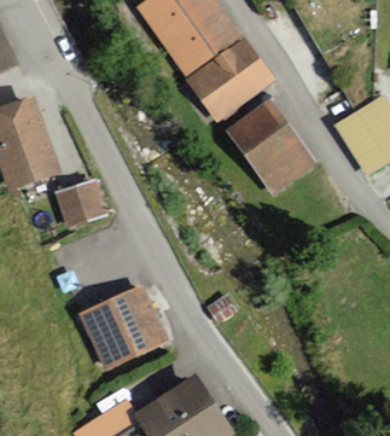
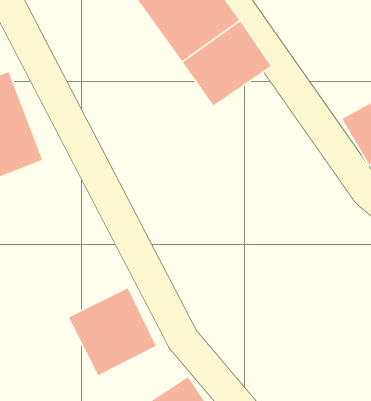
building: [226,97,315,193] -> none
building: [56,179,109,227] -> none

